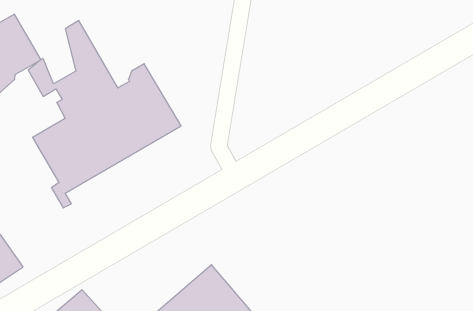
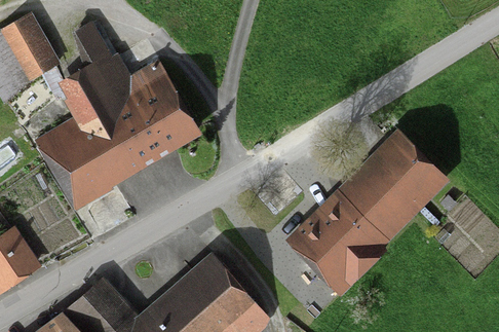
building: none -> [293,142,433,288]

